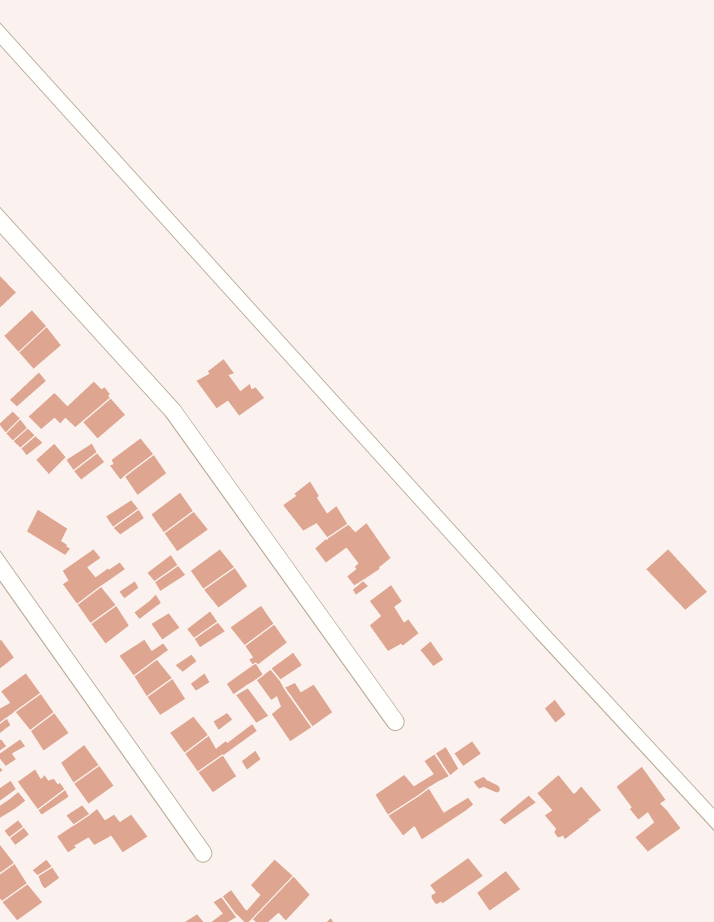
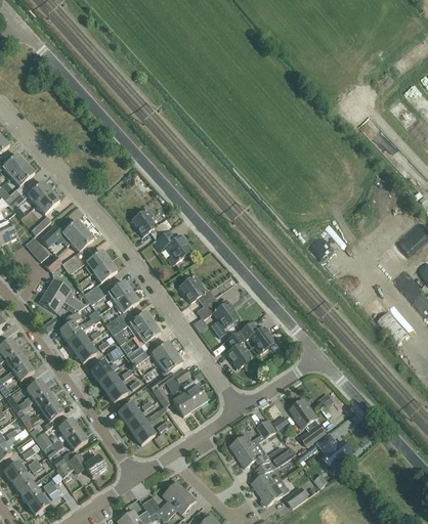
building: none -> [153,229,191,262]
building: none -> [46,278,86,310]
building: none -> [239,322,274,353]
building: [616,766,682,853] -> [290,398,326,445]
building: none -> [251,447,294,494]

